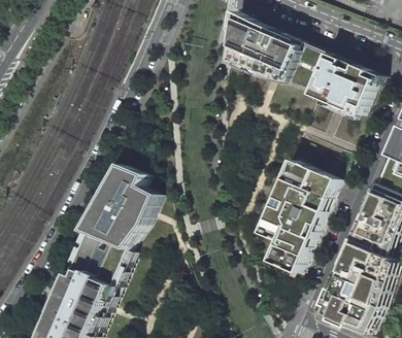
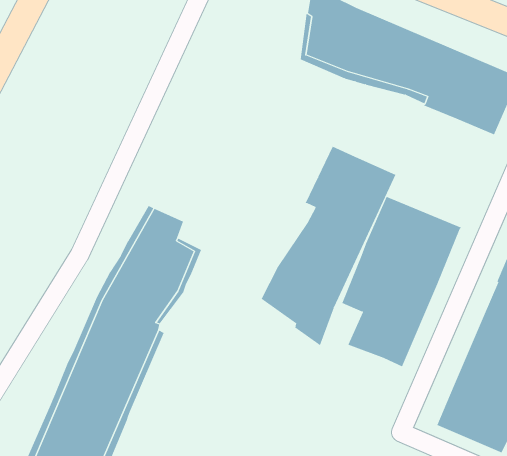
building: none -> [261,146,396,346]

